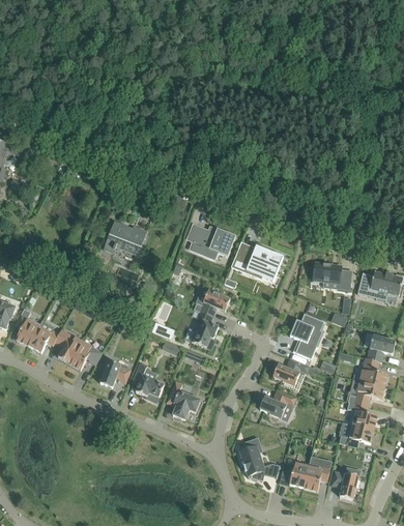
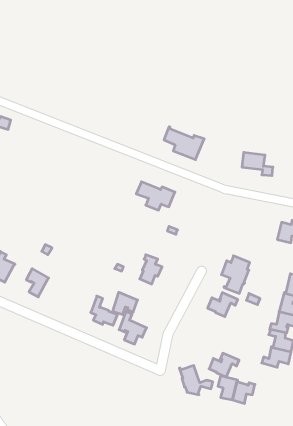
building: [103,222,146,255] -> none
building: [234,241,283,281] -> [164,127,204,160]
building: [313,262,350,290] -> [242,152,273,176]
building: [193,289,229,317] -> none
building: [28,325,58,352] -> none
building: [68,340,102,369] -> none
building: [99,359,129,386] -> [113,292,138,315]
building: [259,389,295,418] -> [209,353,239,377]
building: [330,470,357,499] -> none

